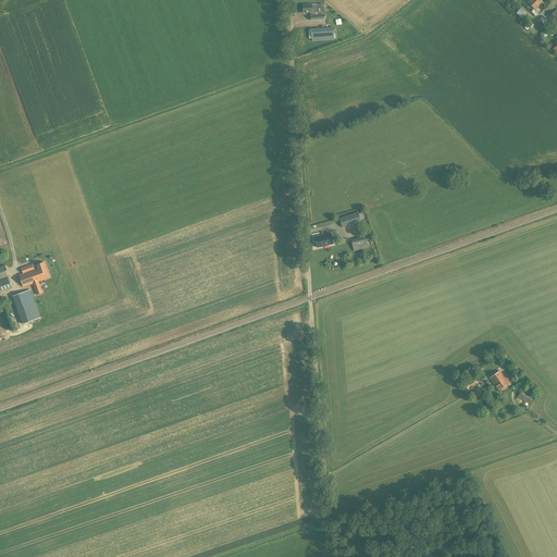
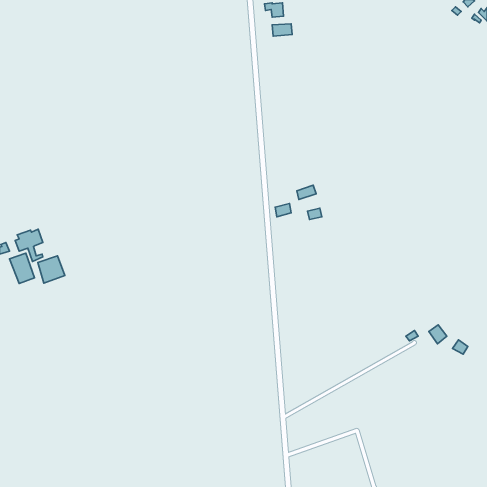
building: none -> [38,256,65,283]

